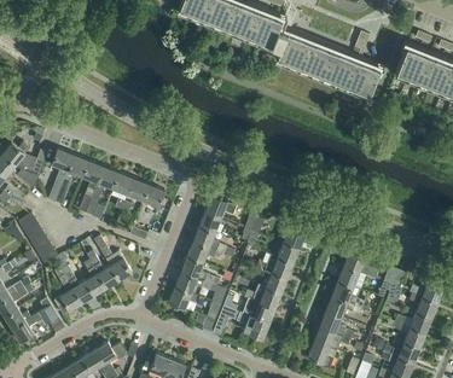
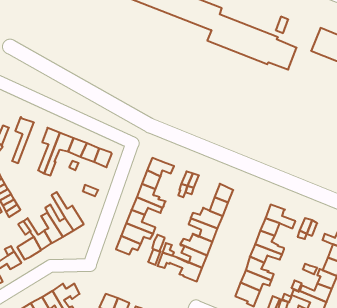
building: [54,156,88,205] -> none

